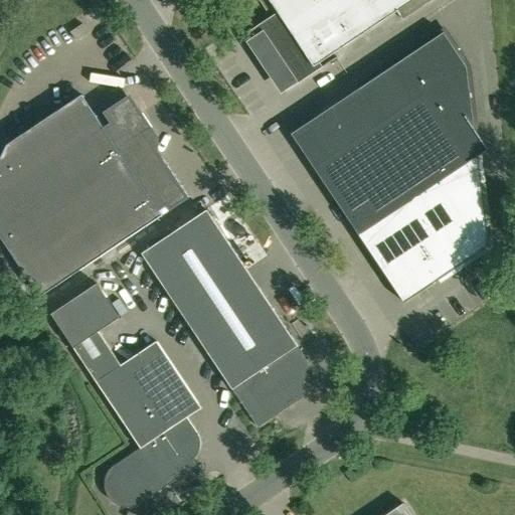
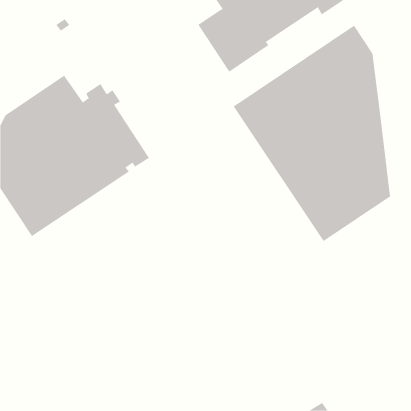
building: [141,209,308,424] -> none
building: [50,283,200,506] -> none

